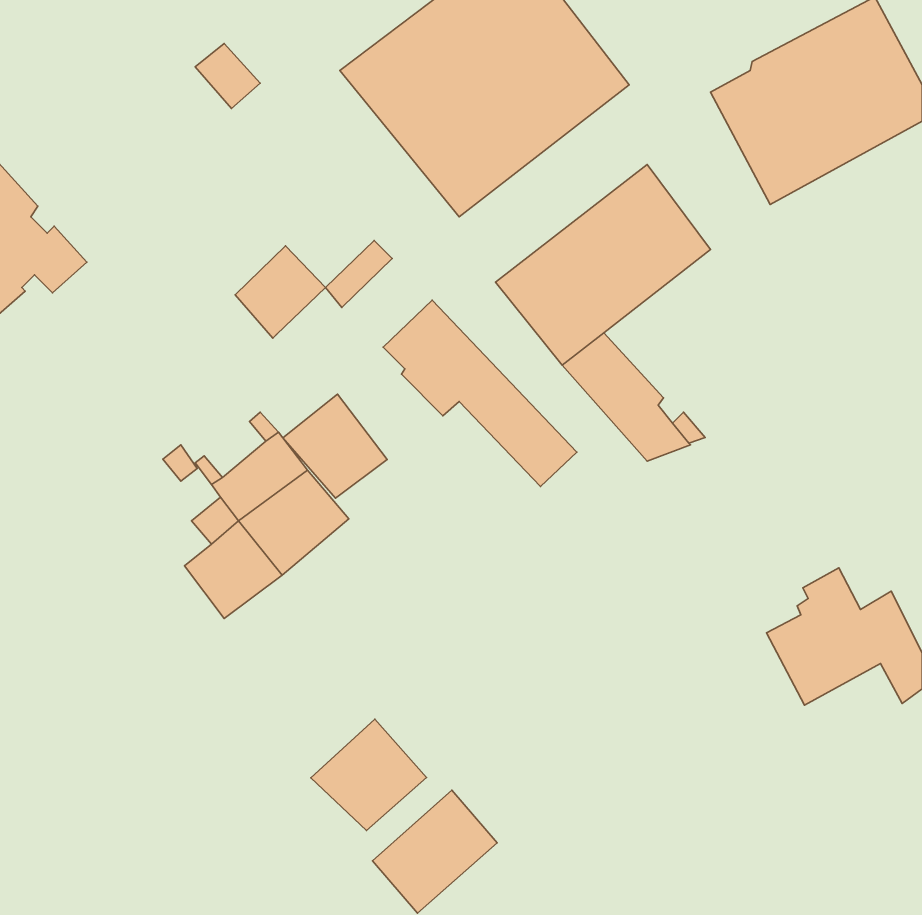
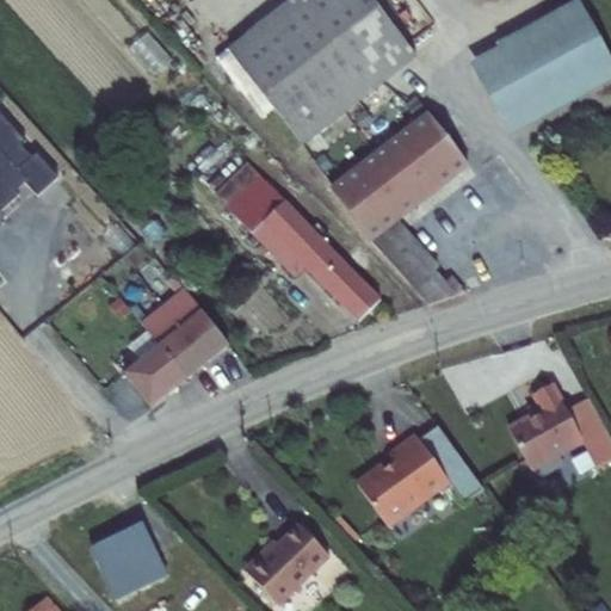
building: [235,246,325,338] -> [226,171,285,232]
building: [283,394,387,498] -> none
building: none -> [360,426,487,529]
building: [311,719,427,830] -> none
building: none -> [88,525,162,593]

